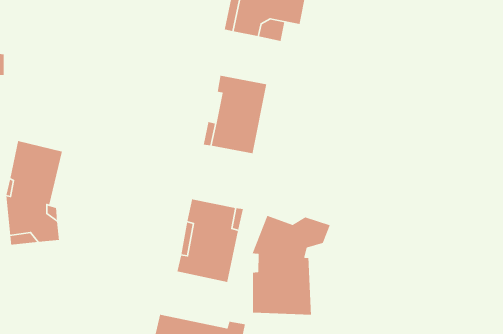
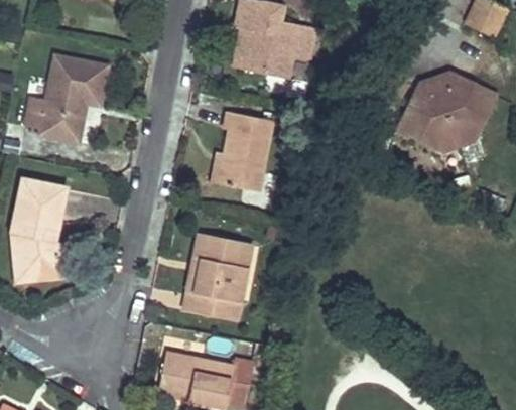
building: none -> [24,53,108,142]
building: none -> [398,73,498,151]
building: [251,215,331,315] -> none

